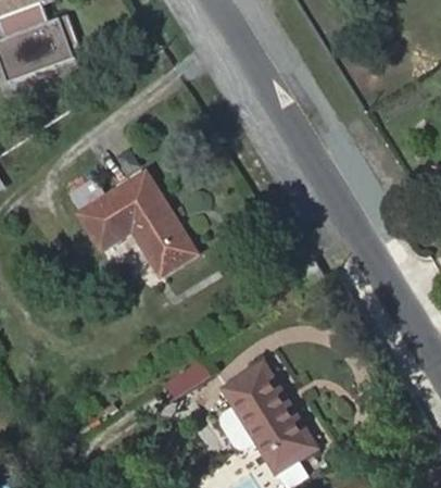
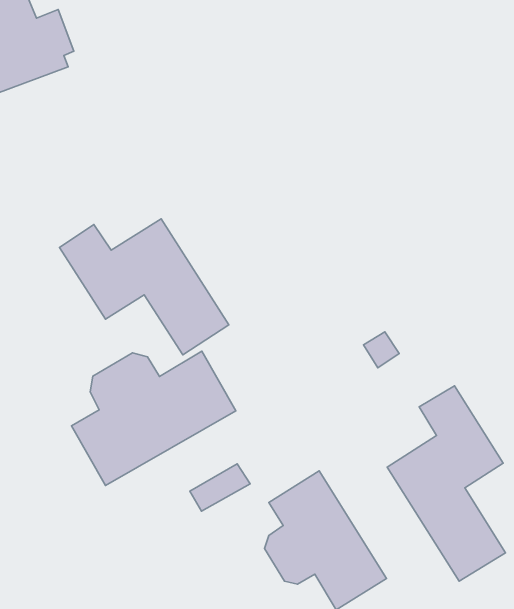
building: none -> [71,351,236,485]
building: none -> [387,386,505,581]

